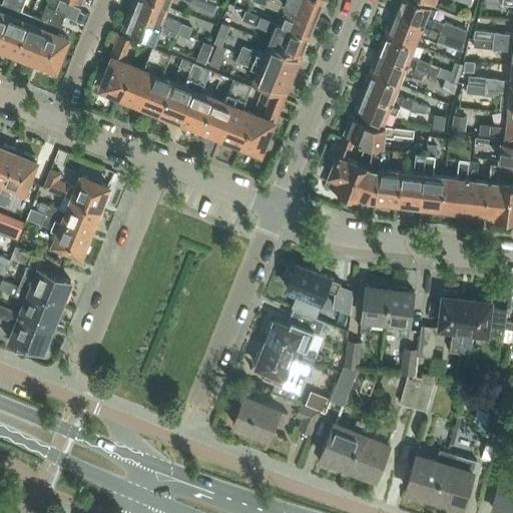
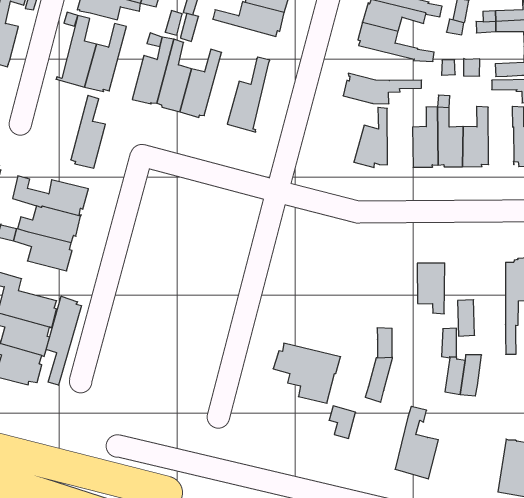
building: [140,52,174,116] -> [71,95,105,168]
building: [235,55,293,98] -> none
building: [220,85,254,148] -> none
building: [354,94,410,124] -> none
building: [327,140,359,195] -> none
building: [375,152,401,206] -> none
building: [463,162,489,217] -> none
building: [287,266,353,316] -> none
building: none -> [46,296,81,385]
building: [361,288,390,333] -> none
building: [439,293,467,354] -> none
building: [265,313,325,364] -> none
building: [232,398,287,440] -> none
building: [320,421,365,468] -> none
building: [406,452,448,499] -> none

